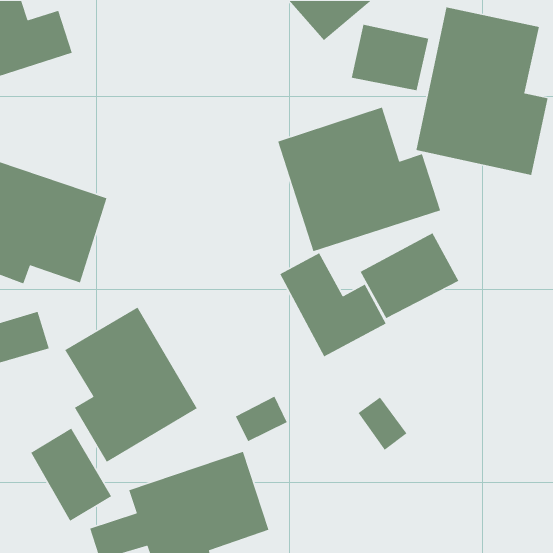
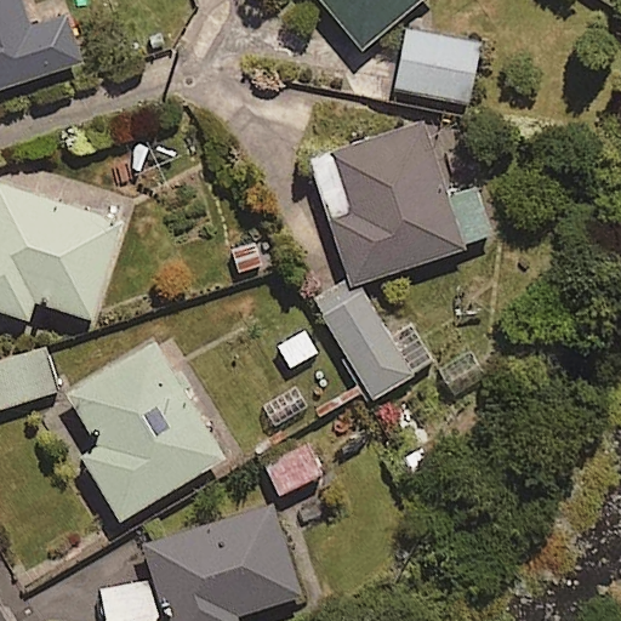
building: [416,6,548,176] -> none
building: [359,232,460,319] -> none
building: [30,428,112,522] -> none

